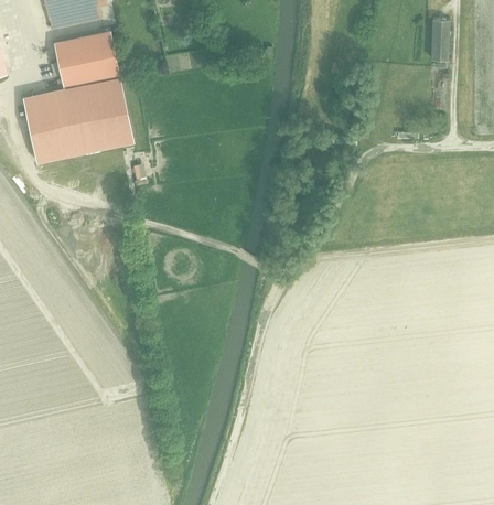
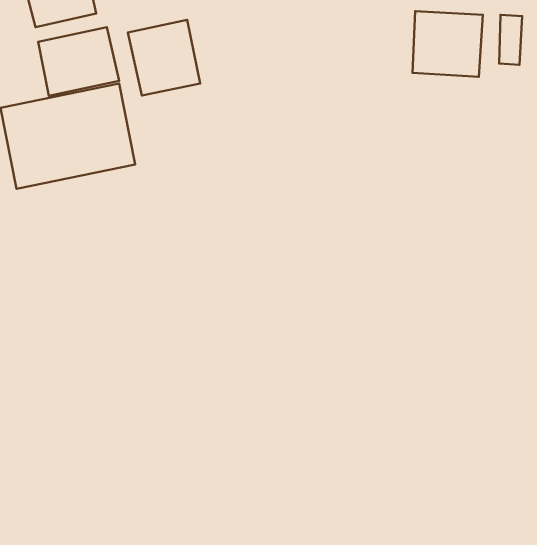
building: none -> [412,11,483,77]
building: none -> [128,20,200,96]

